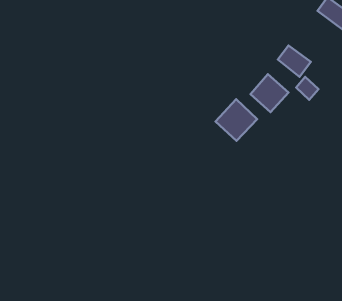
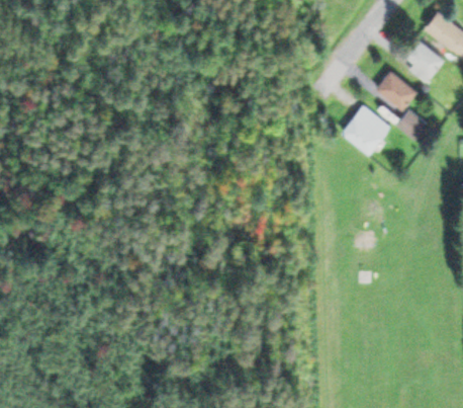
building: none -> [402,37,443,80]
building: [216,99,257,141] -> none

